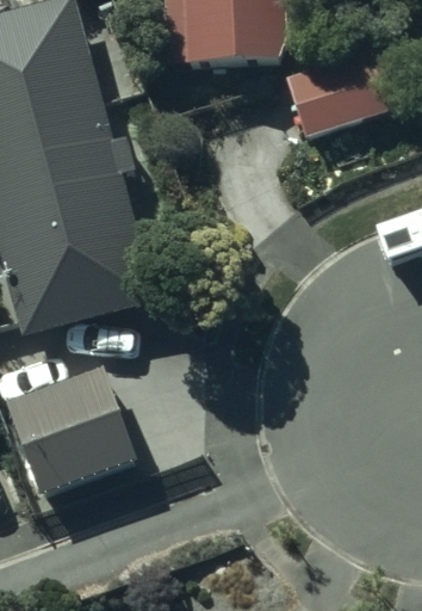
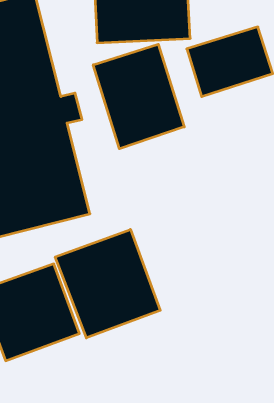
building: none -> [93,44,184,149]
building: none -> [55,229,160,338]

